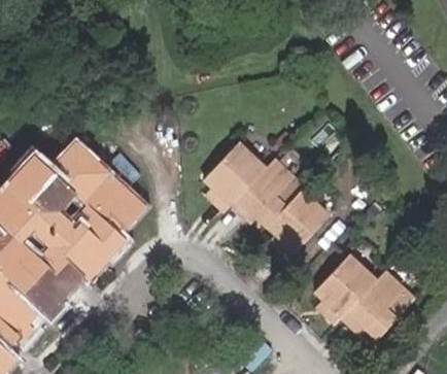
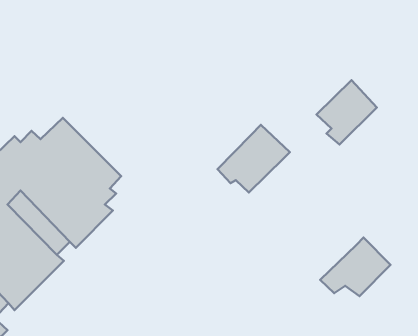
building: [208,137,269,206] -> none
building: [267,188,329,253] -> [316,80,377,145]
building: [314,250,377,322] -> none

